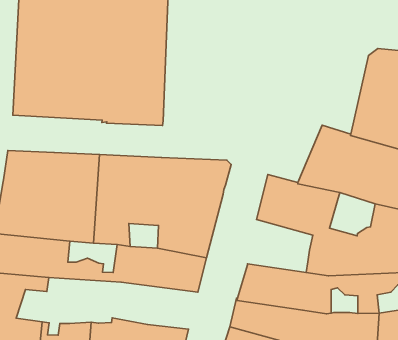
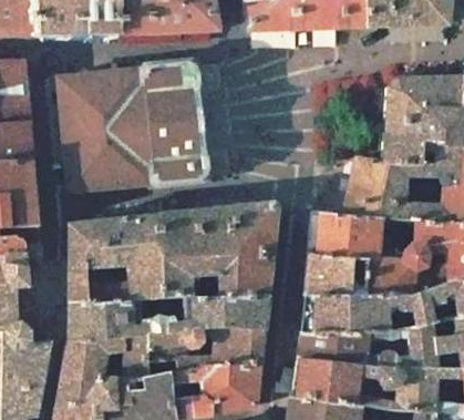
building: none -> [302,254,361,297]
building: none -> [123,329,262,378]

